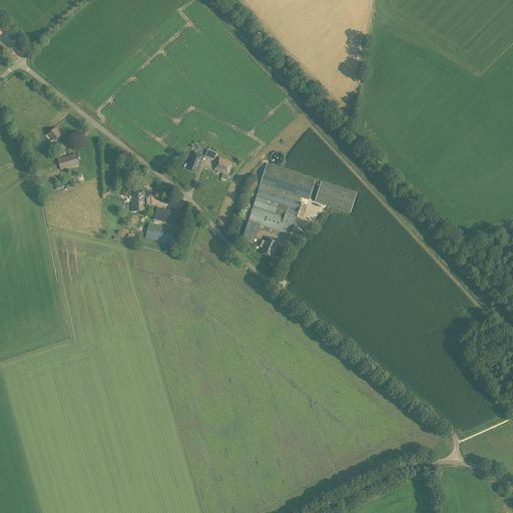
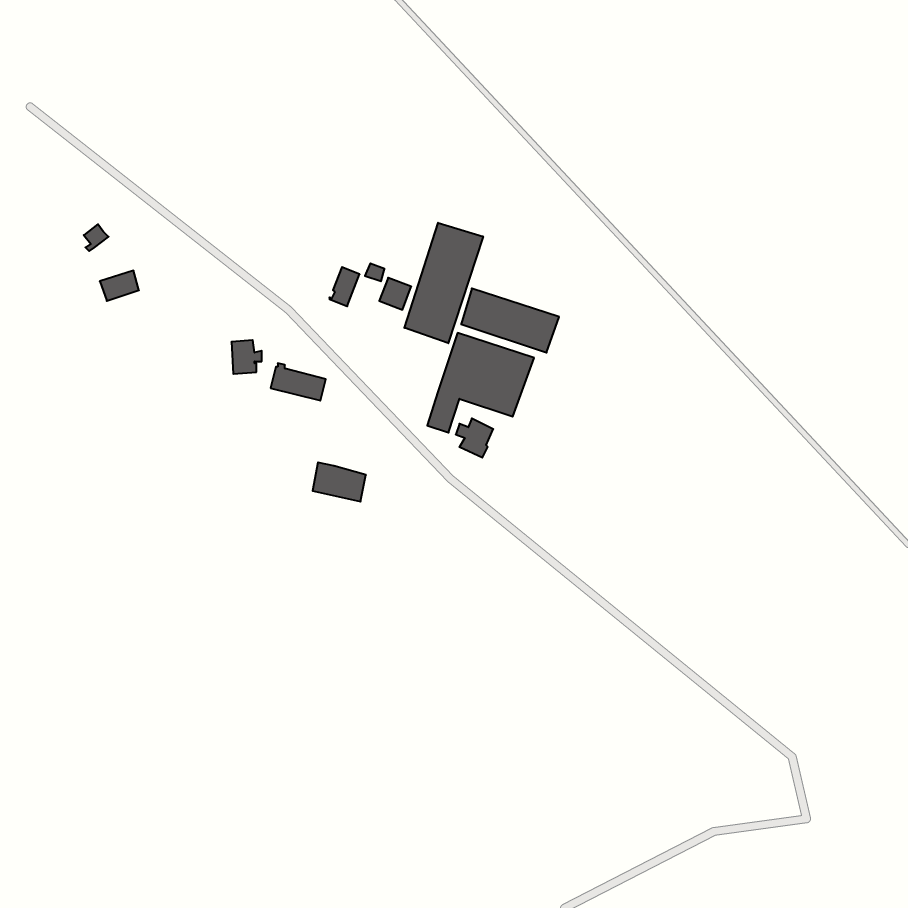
building: none -> [404,223,483,343]
building: [314,180,356,212] -> none
building: [144,221,174,243] -> [313,462,366,502]

